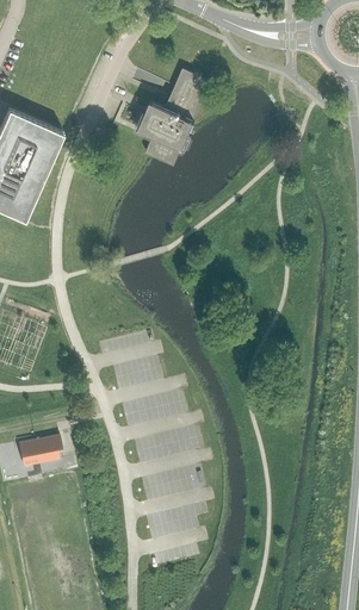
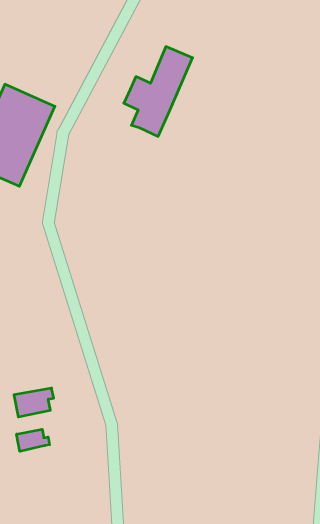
building: none -> [17,429,50,451]

